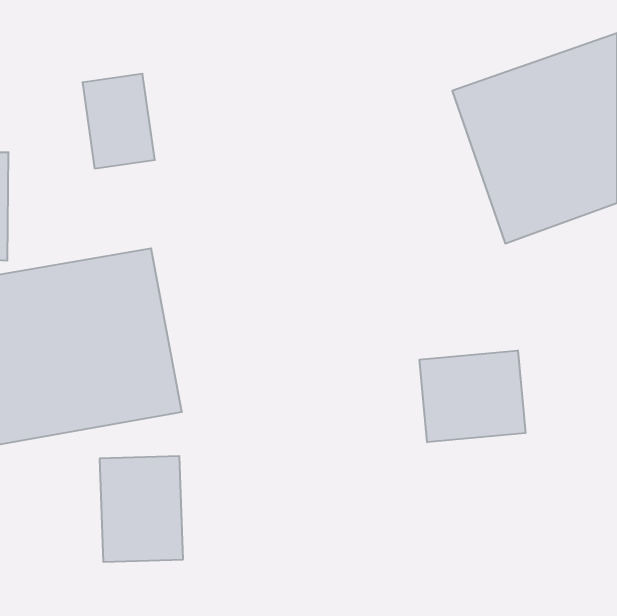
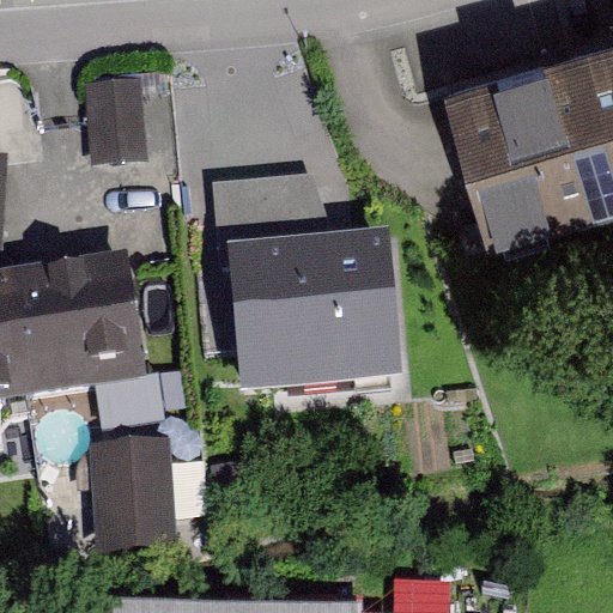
building: none -> [216,233,392,394]
building: [420,350,525,442] -> none

